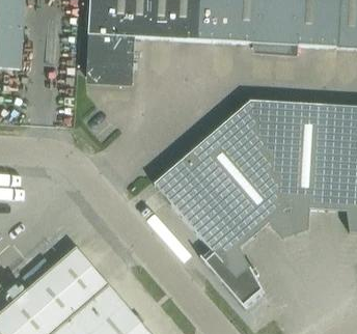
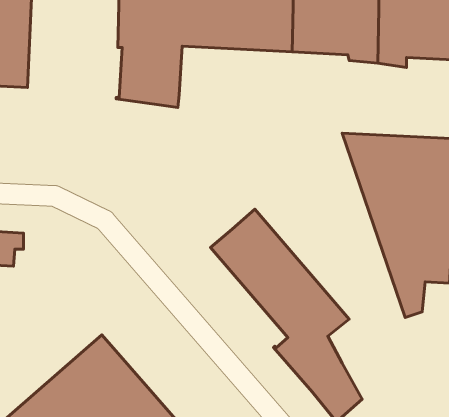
building: [186,101,295,239] -> none

